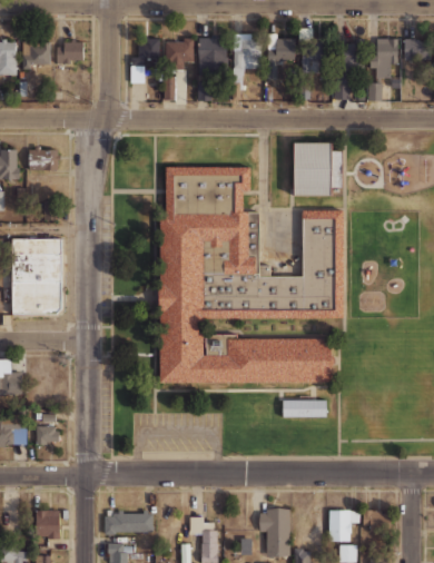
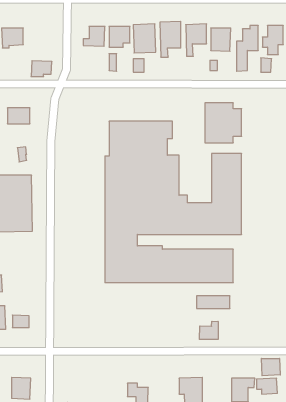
building: [56,43,83,65] -> [31,61,52,77]
building: none -> [199,321,218,339]
building: none -> [261,358,280,376]
building: [103,513,151,533] -> none

